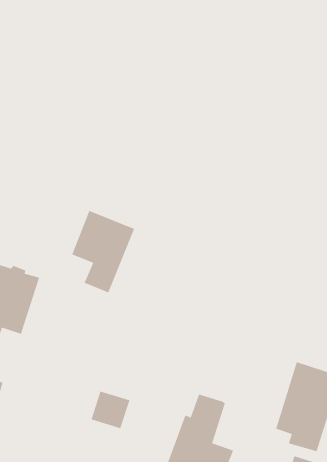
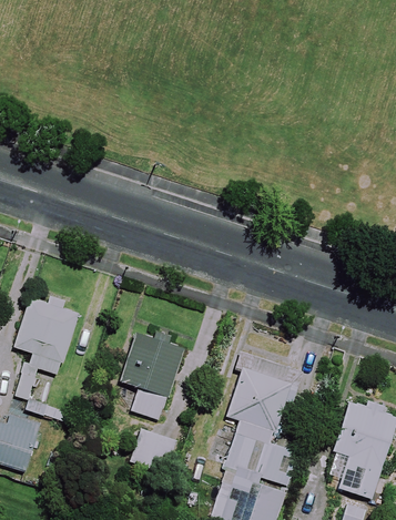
building: [71,210,135,294] -> [119,330,186,419]
building: none -> [227,367,291,442]

